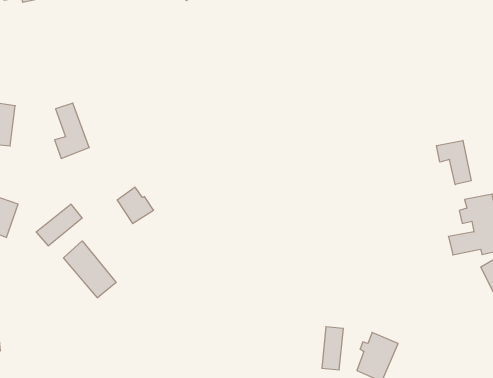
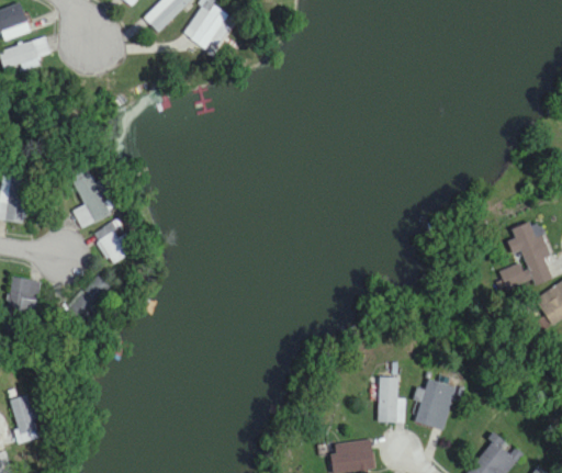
building: [436,140,471,185] -> none
building: [117,187,154,224] -> [94,226,134,264]
building: [63,241,116,298] -> none

